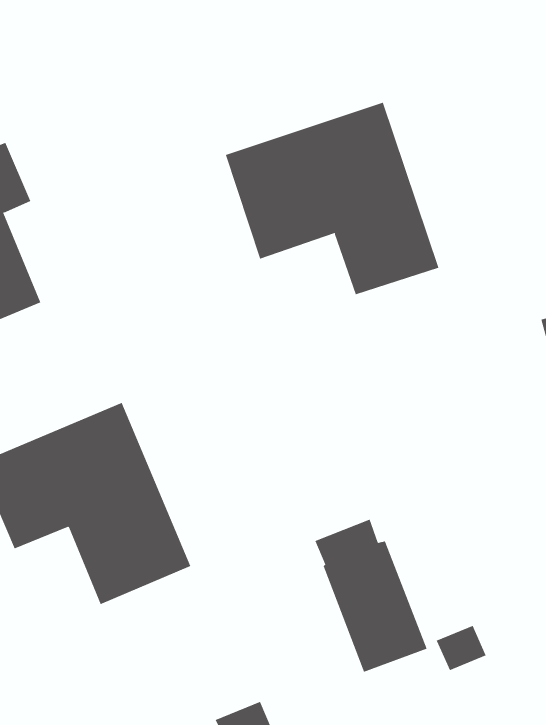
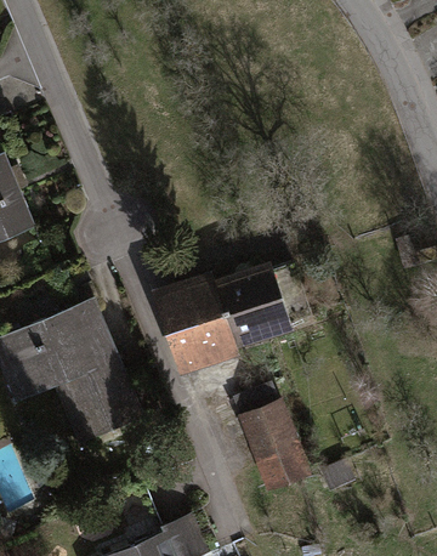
building: [225,102,439,295] -> none
building: none -> [153,261,312,376]

